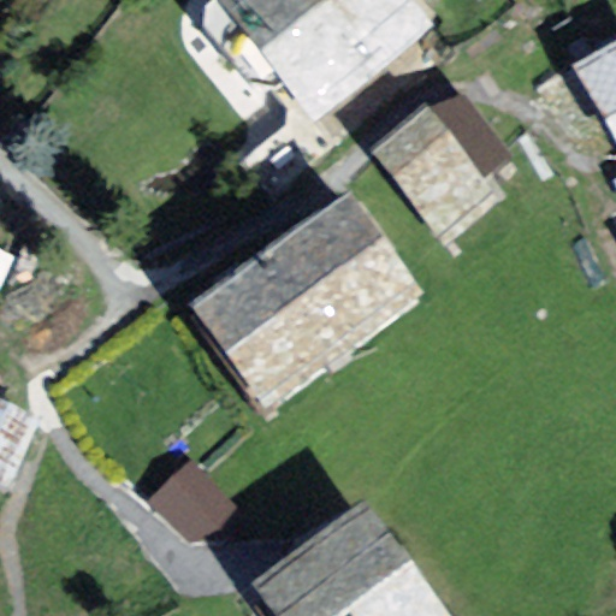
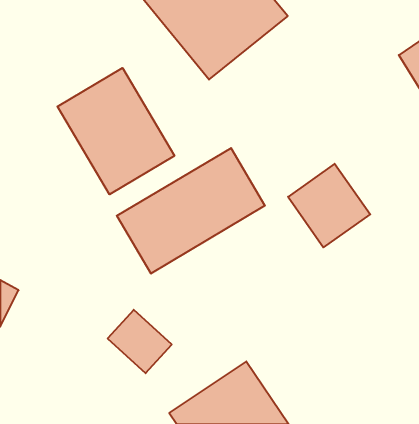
building: none -> [57,68,174,194]
building: [366,119,482,238] -> [288,164,370,247]

